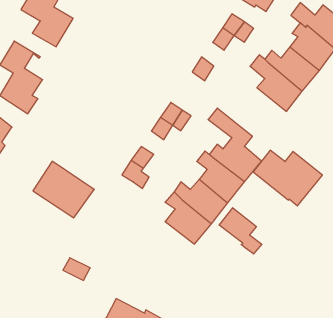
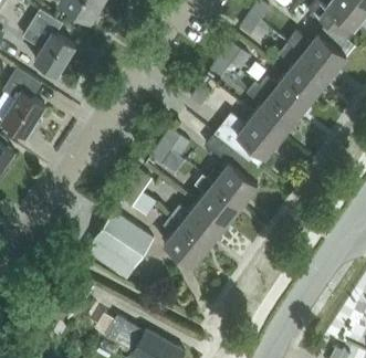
building: [253,150,322,206] -> [215,114,282,168]
building: [33,161,94,218] -> [94,213,154,268]
building: [219,208,262,254] -> none

